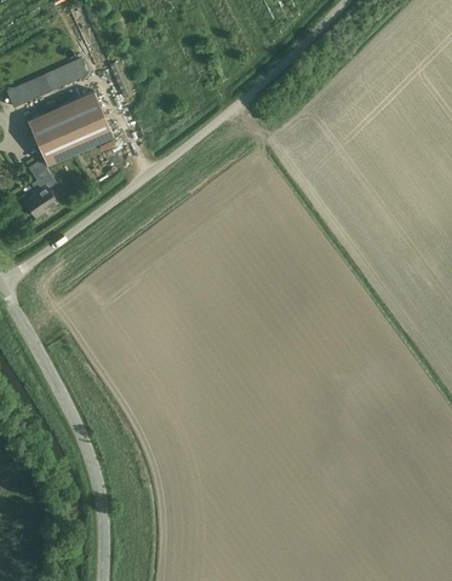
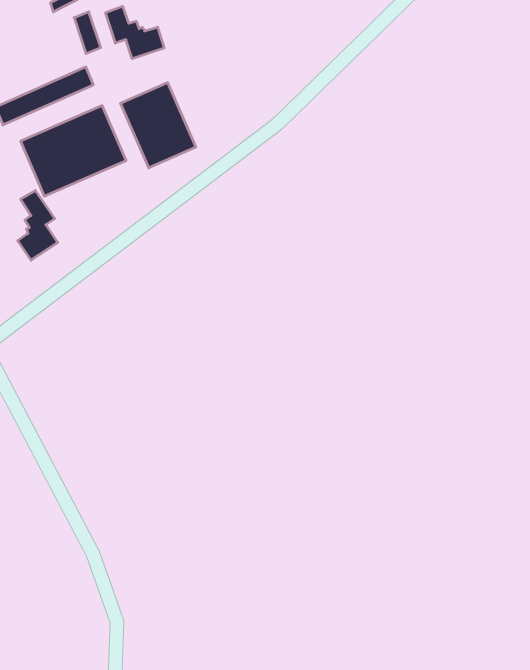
building: none -> [106,6,164,59]
building: none -> [121,83,196,168]

